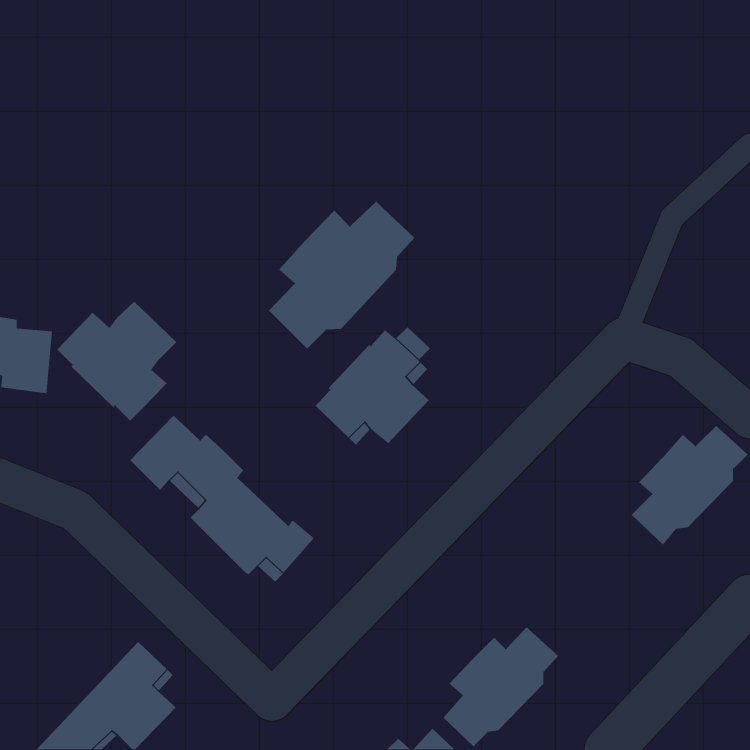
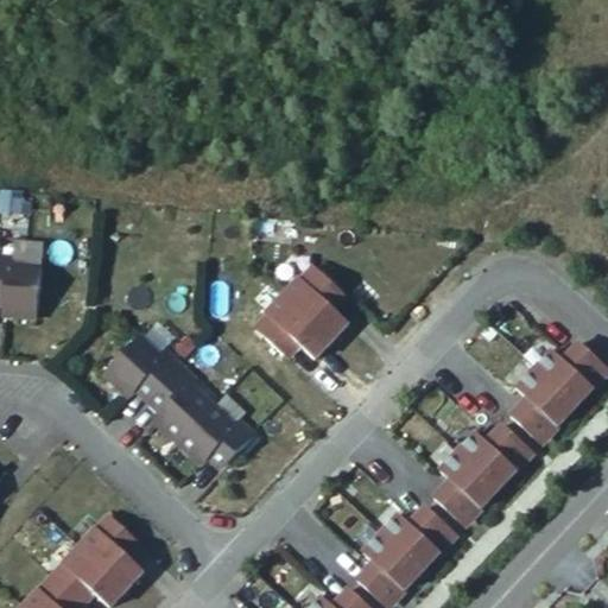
building: [268,201,415,349] -> none
building: [57,301,177,421] -> none
building: none -> [433,424,527,521]

